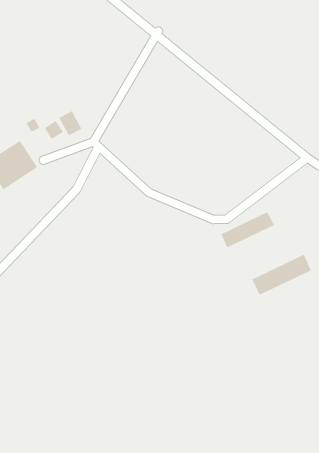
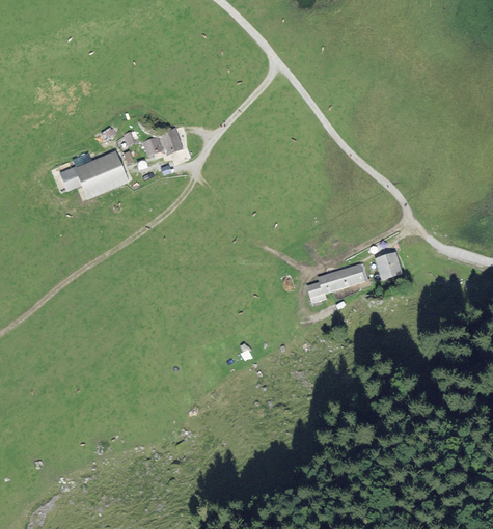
building: none -> [375,253,403,280]
building: [251,254,311,295] -> none

